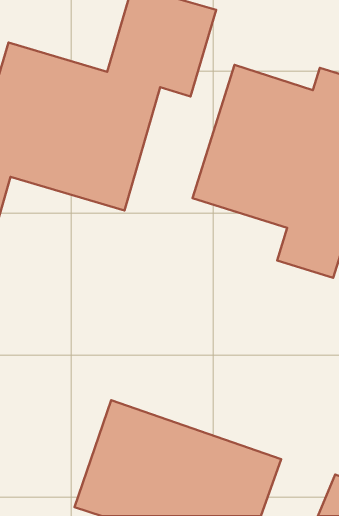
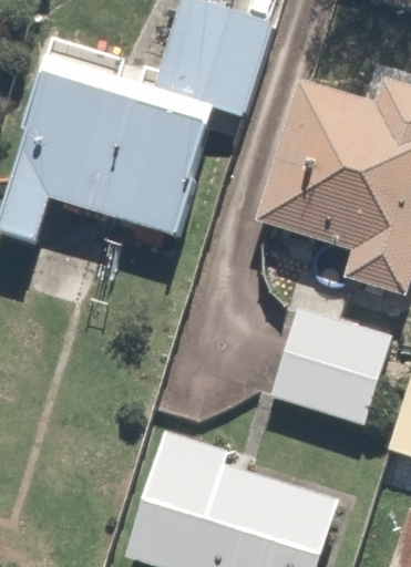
building: none -> [266,305,402,439]

